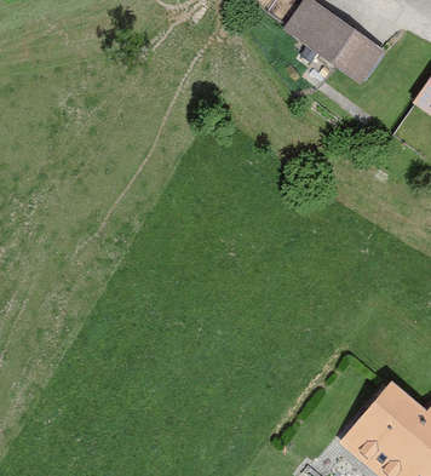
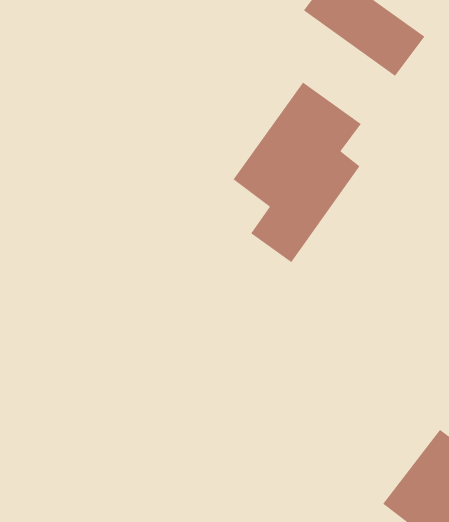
building: none -> [232,82,362,263]

